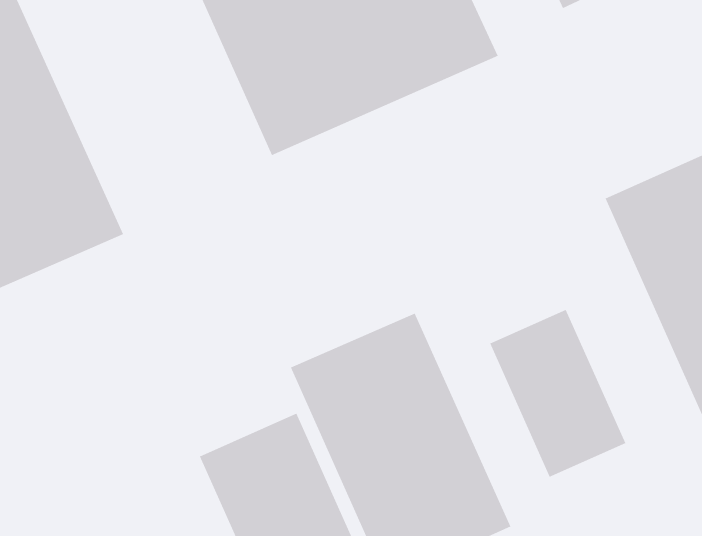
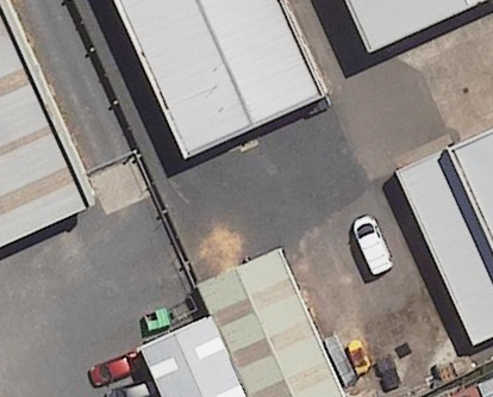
building: [489,309,626,478] -> none

